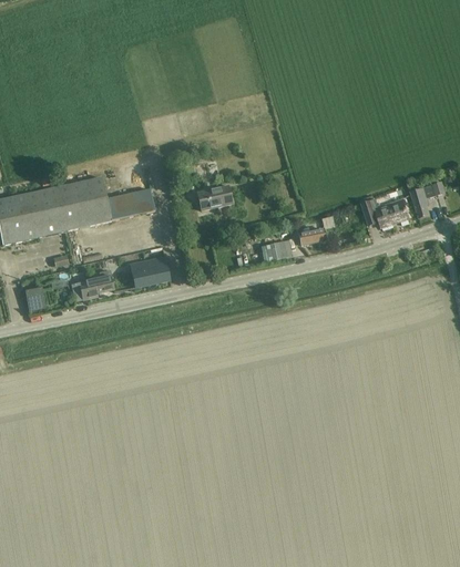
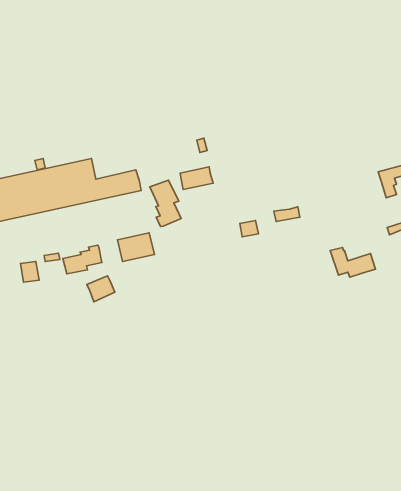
building: [360,195,409,227] -> [330,247,376,277]
building: none -> [150,180,181,227]
building: none -> [87,276,115,302]

